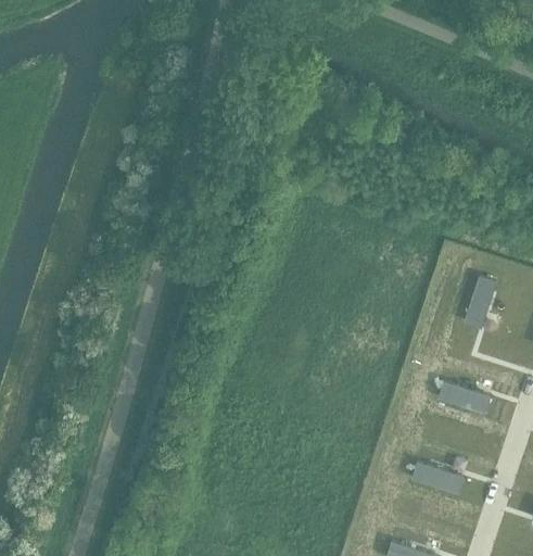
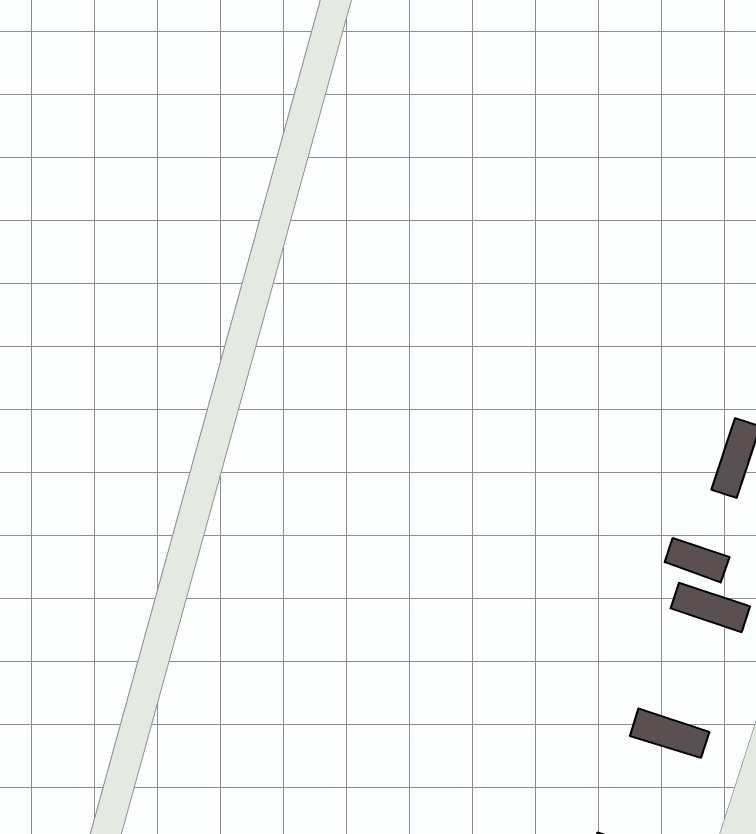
building: none -> [665,538,730,583]

